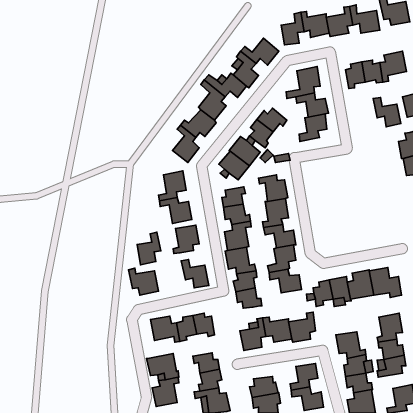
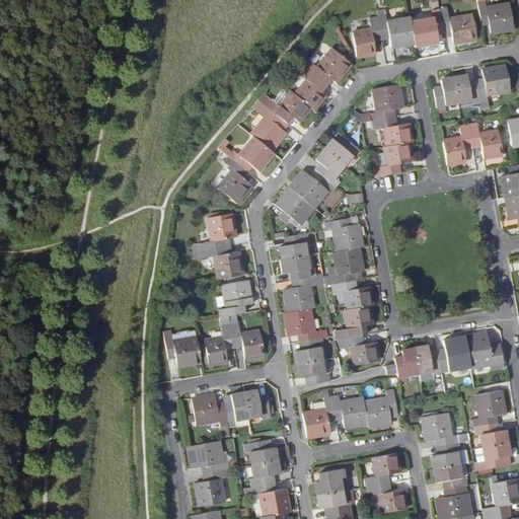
building: none -> [444,123,473,164]
building: [137,232,161,265] -> [205,325,234,366]

